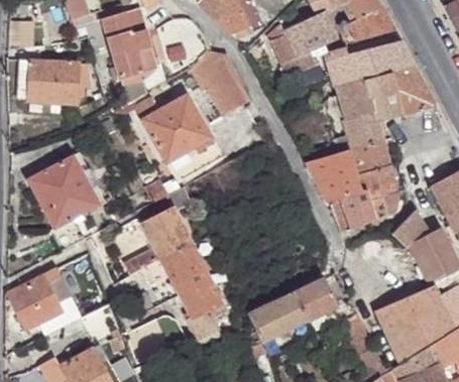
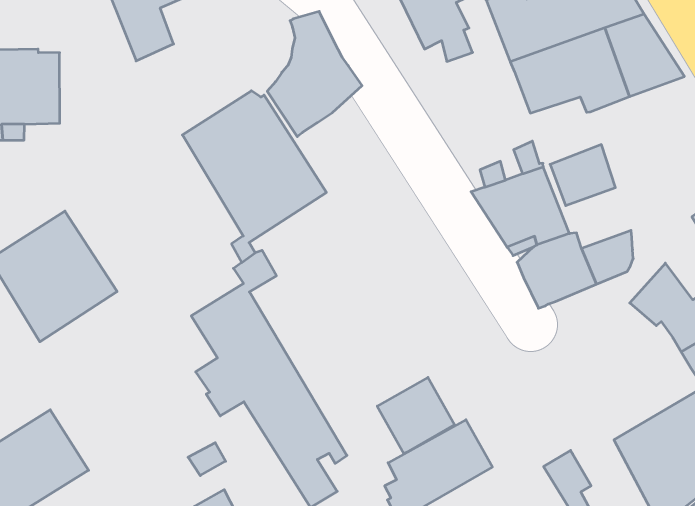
building: [344,113,383,150] -> none
building: [360,166,396,200] -> none
building: [294,278,337,321] -> [377,377,455,453]

